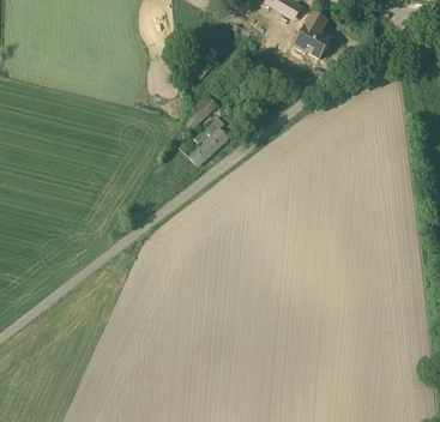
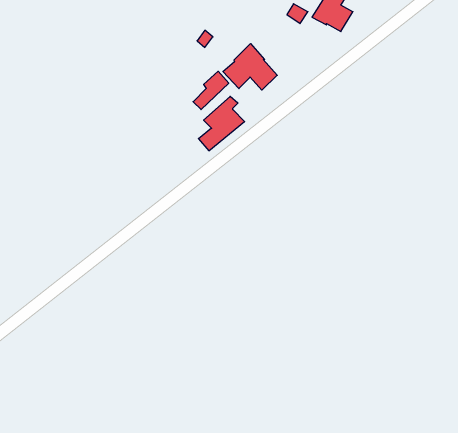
building: none -> [223,44,277,90]

